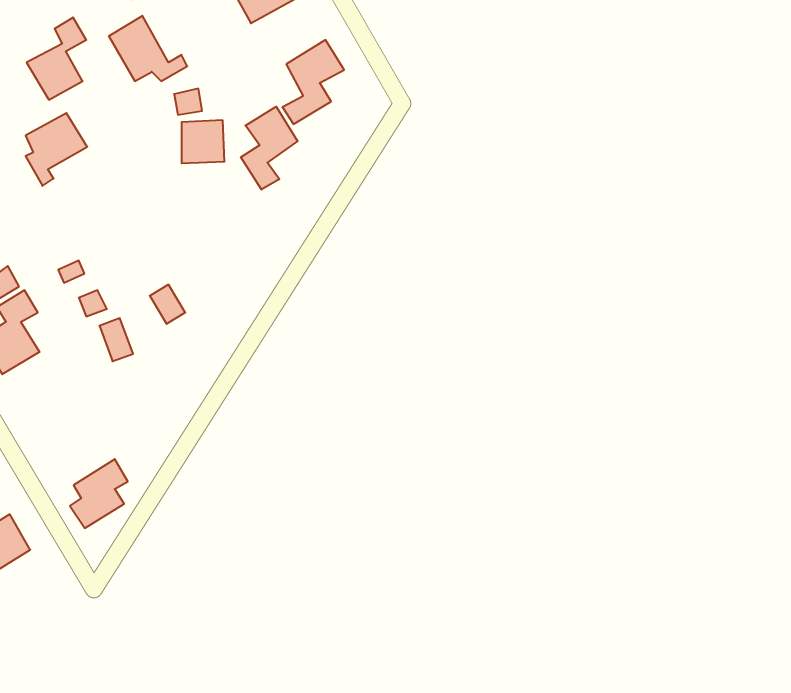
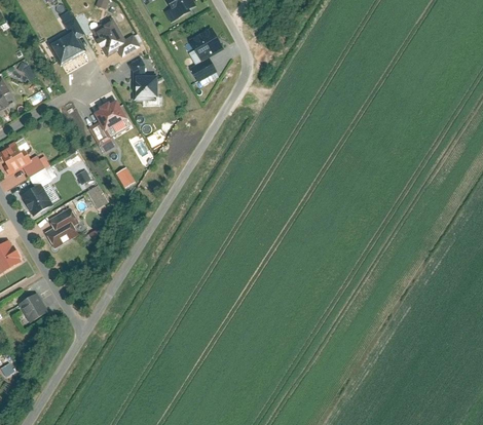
building: [241,107,298,190] -> none
building: [26,113,87,186] -> [91,101,125,141]
building: [70,459,128,528] -> [47,208,79,246]

